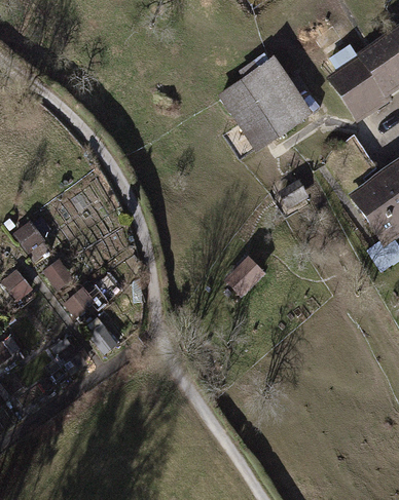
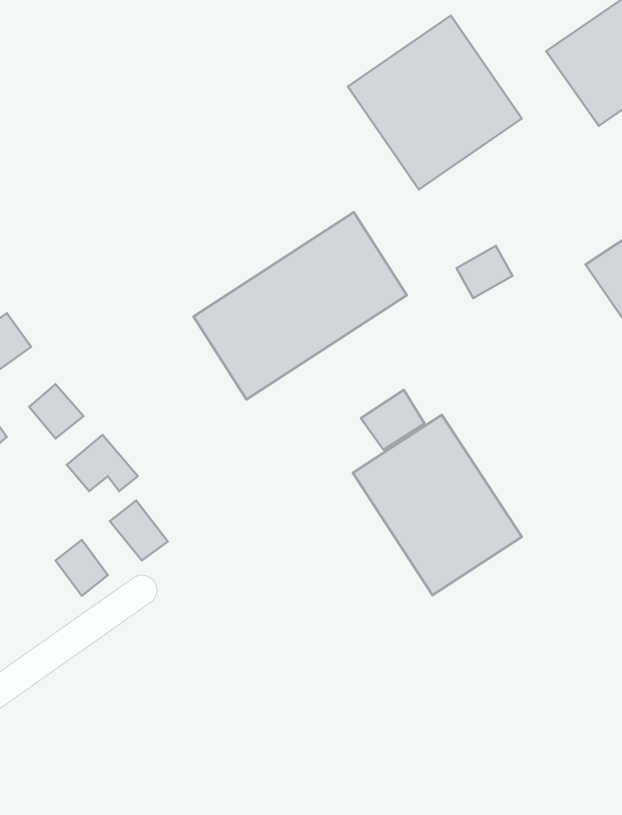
building: none -> [193,212,407,400]
building: none -> [353,415,522,595]

